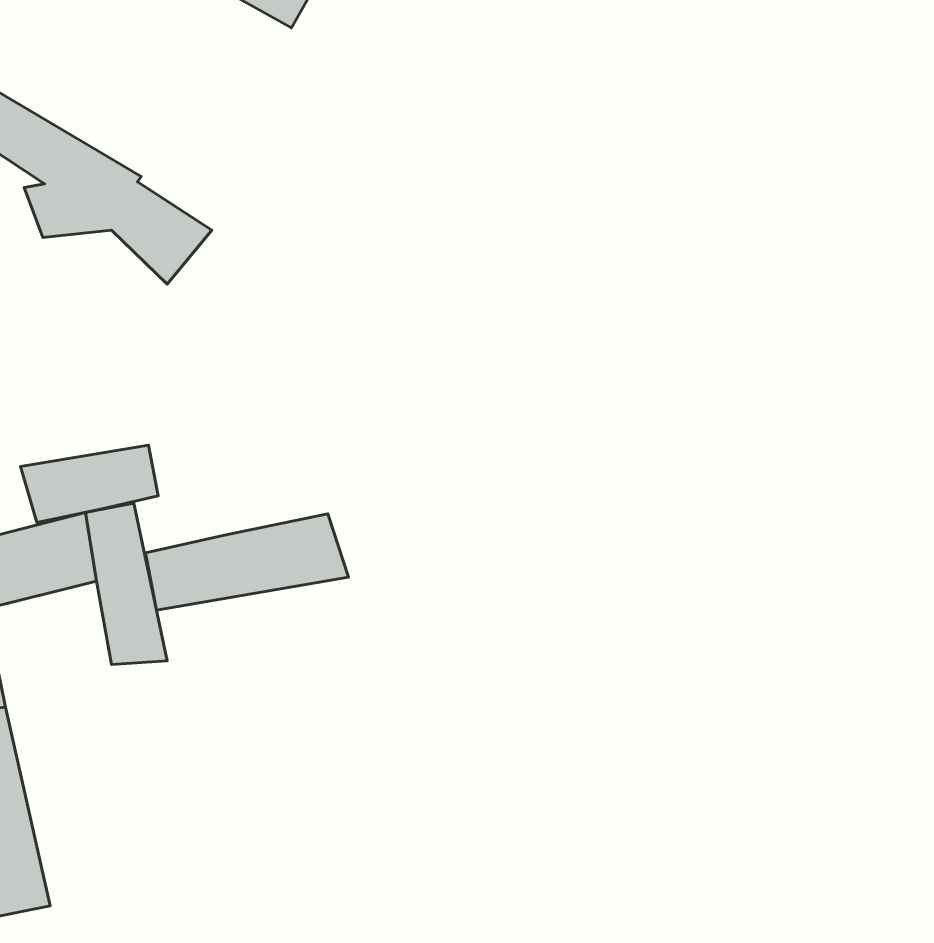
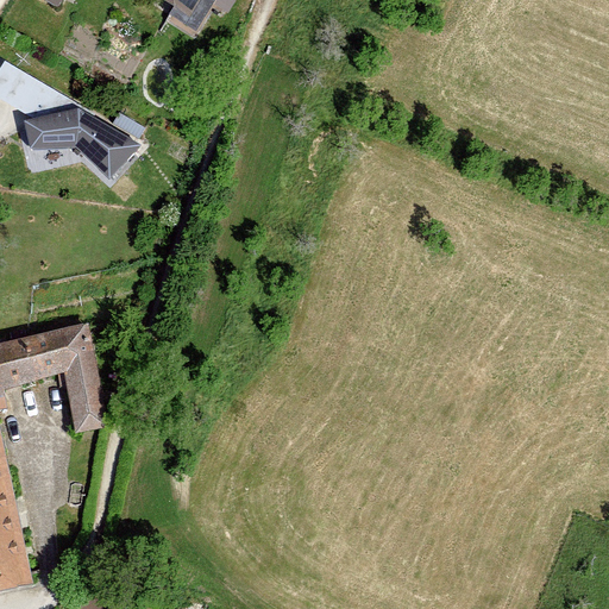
building: [20,445,158,523] -> none
building: [145,514,348,610] -> none

